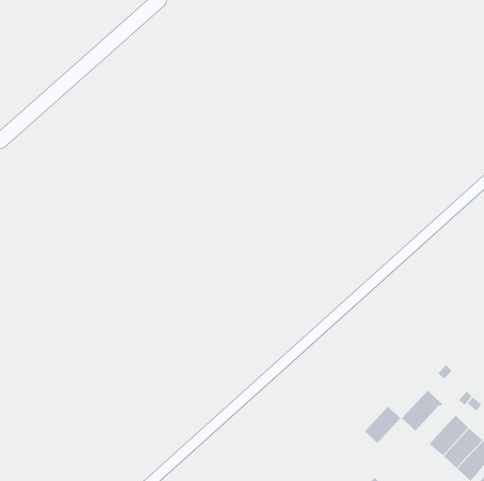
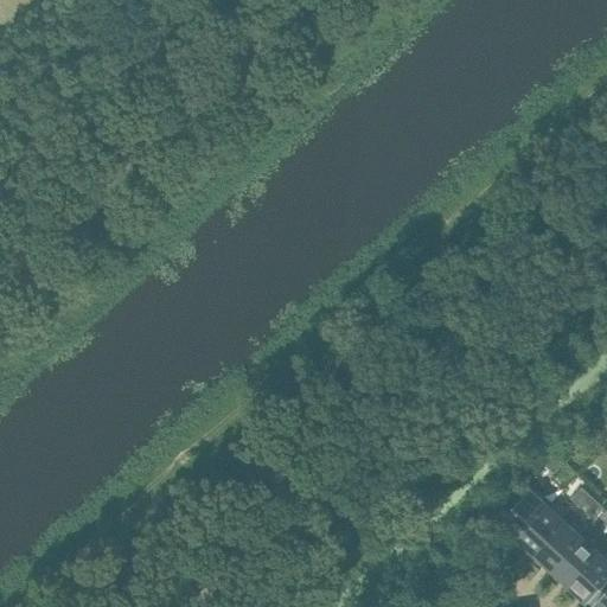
building: [364,406,401,444] -> [520,512,567,560]

